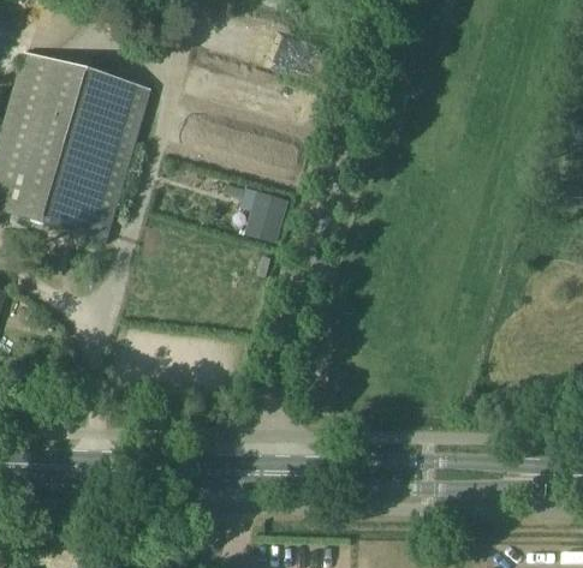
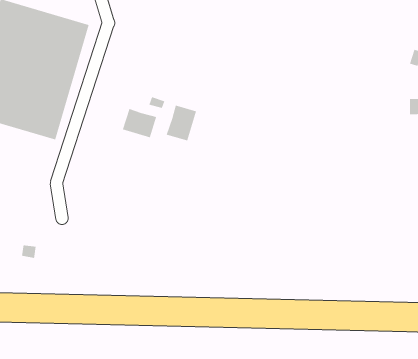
building: none -> [122,108,157,138]

